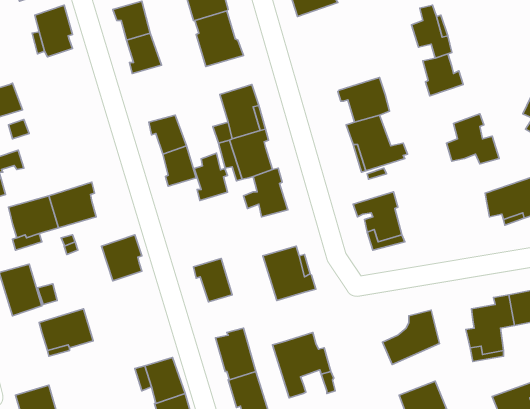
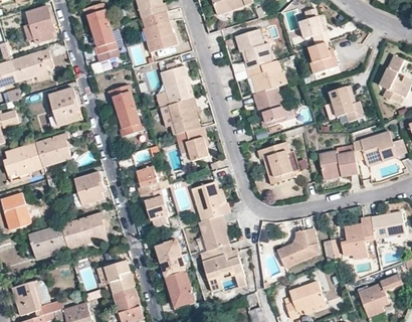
building: none -> [234,28,269,67]
building: none -> [9,50,53,82]
building: none -> [49,88,78,127]
building: [194,153,228,201] -> [137,161,161,195]
building: none -> [317,149,358,175]
building: none -> [61,212,107,249]
building: none -> [197,213,227,250]

